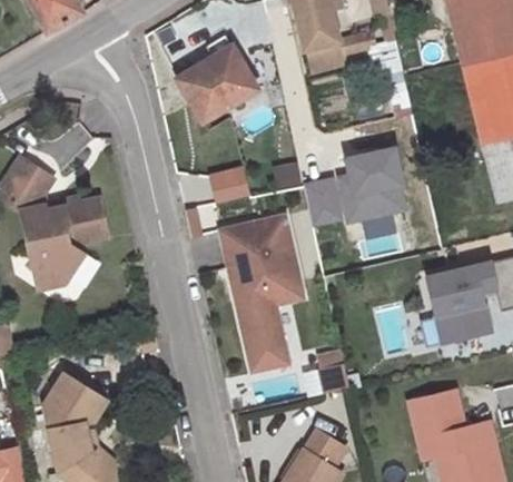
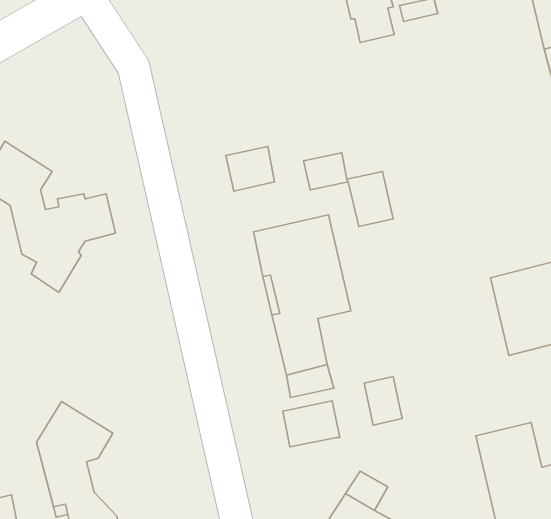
building: [178,49,257,128] -> none
building: [339,149,407,225] -> none
building: none -> [283,401,340,447]

